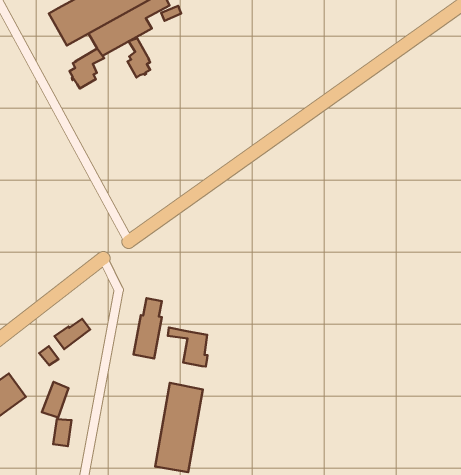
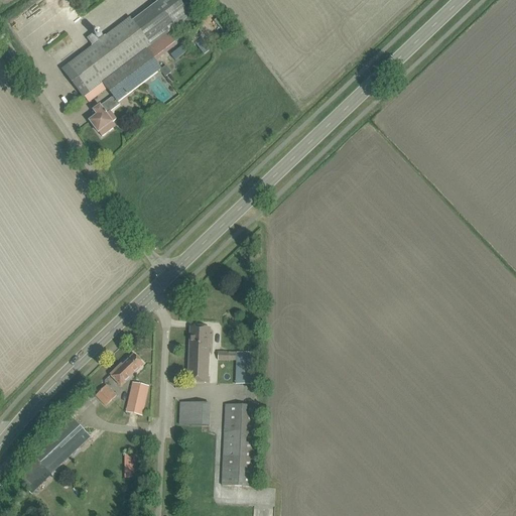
building: [128,38,150,77] -> none
building: none -> [178,400,199,423]
building: [42,382,69,418] -> [125,380,147,413]

